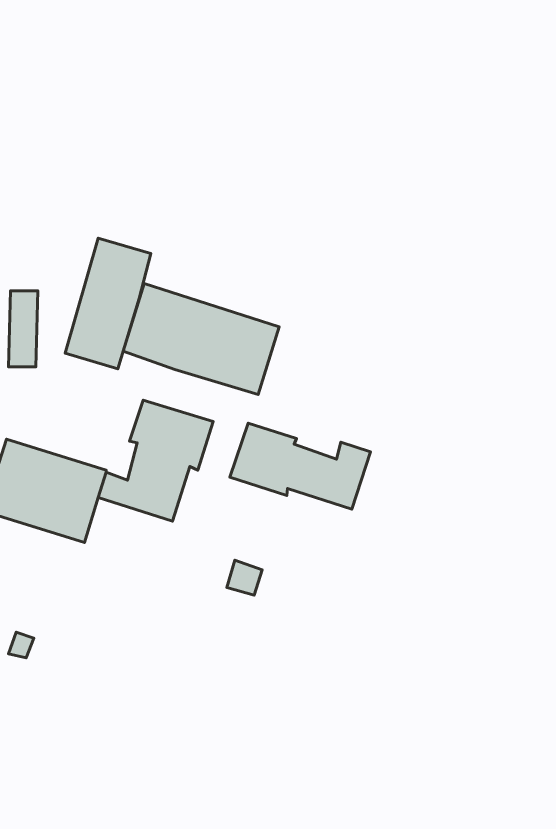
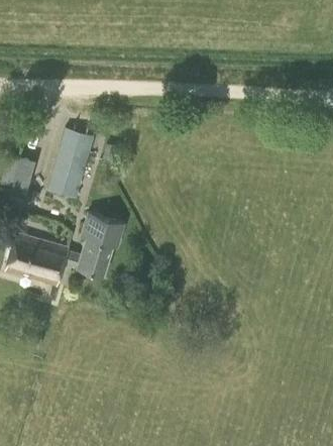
building: [123,284,279,394] -> none
building: [230,423,370,509] -> none

